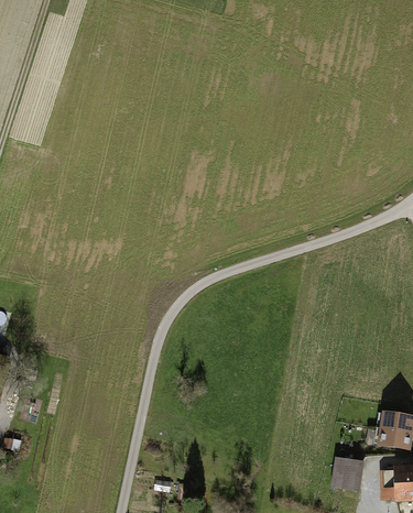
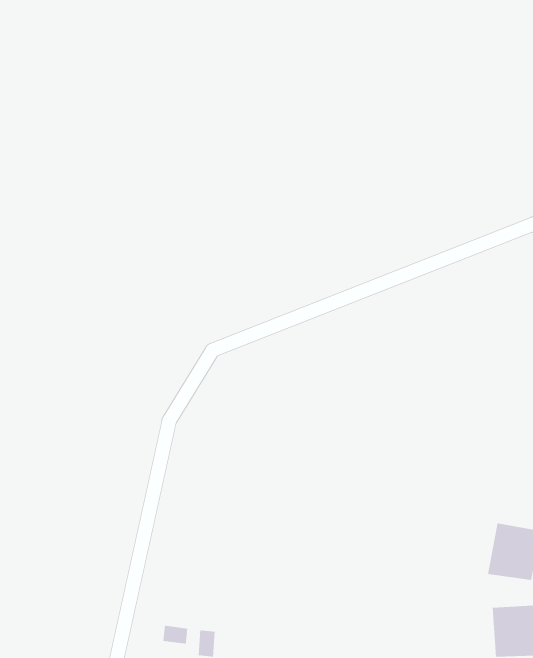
building: [330,456,363,490] -> none

